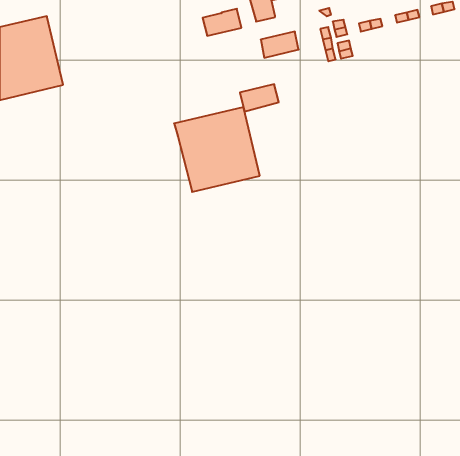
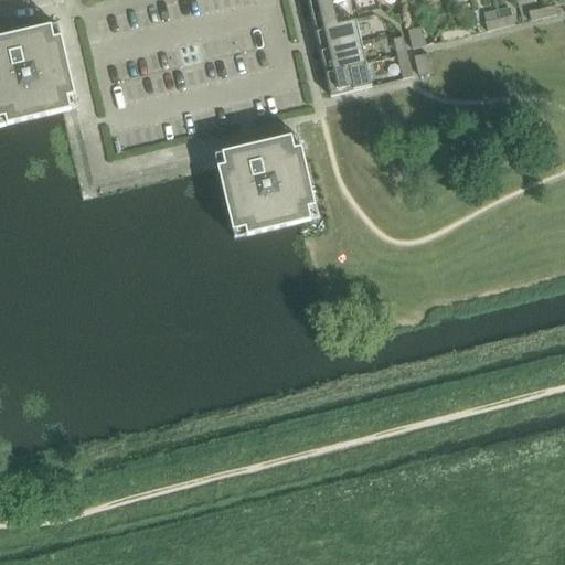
building: [203,9,241,36] -> [313,15,361,49]
building: [240,84,279,111] -> [323,61,371,94]

